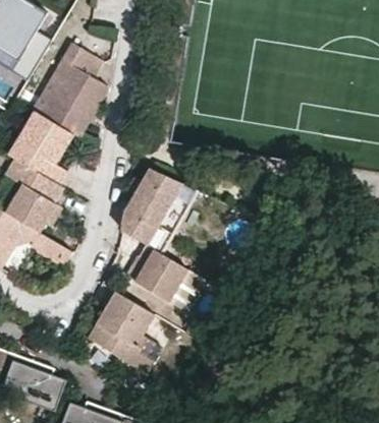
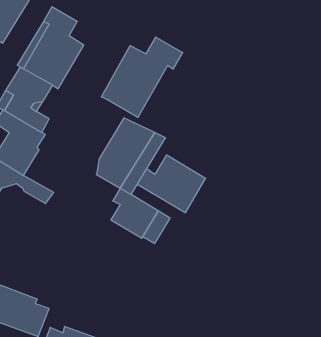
building: none -> [101,37,183,117]
building: none -> [137,155,205,213]
building: [84,290,164,378] -> none

